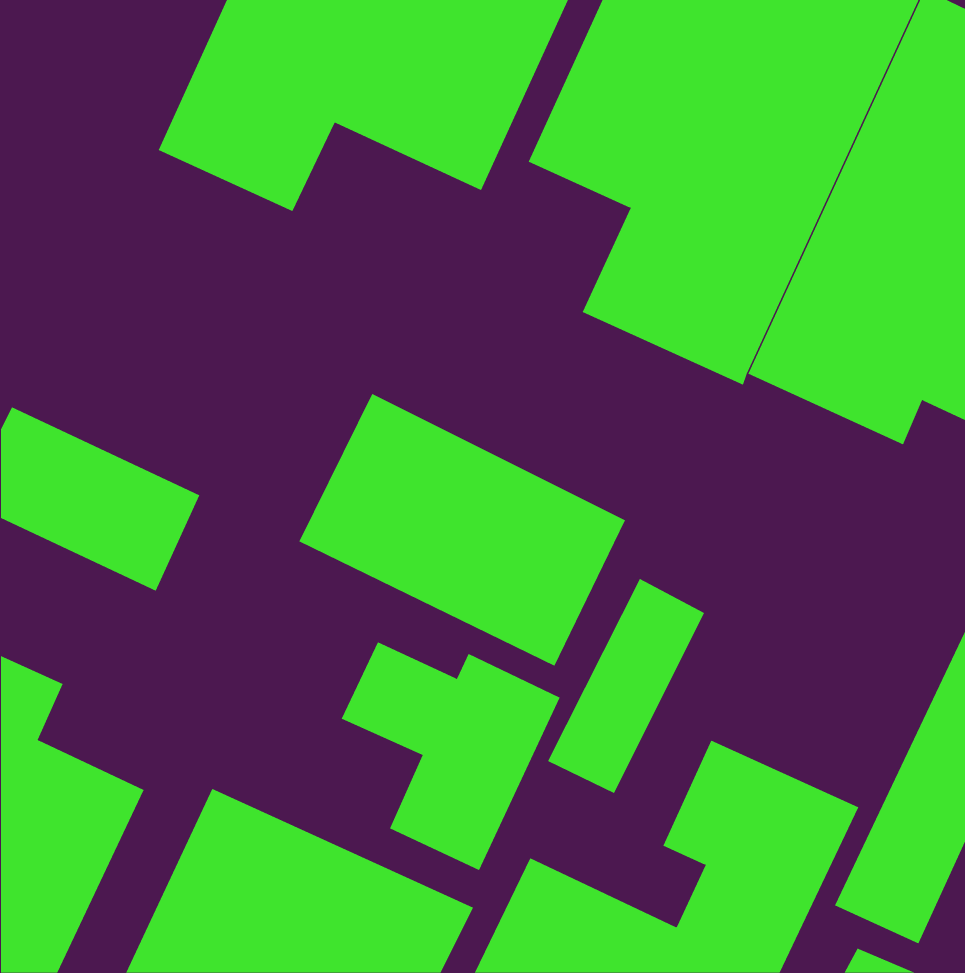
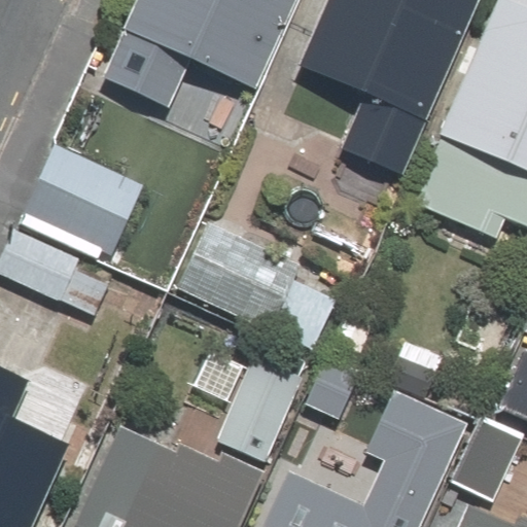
building: none -> [16,131,157,265]

